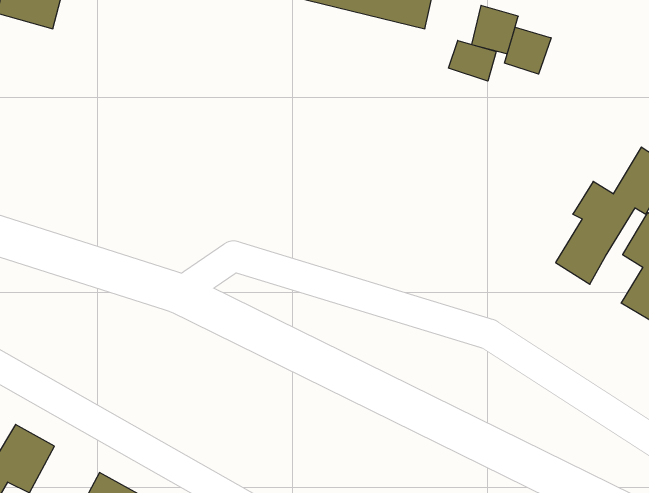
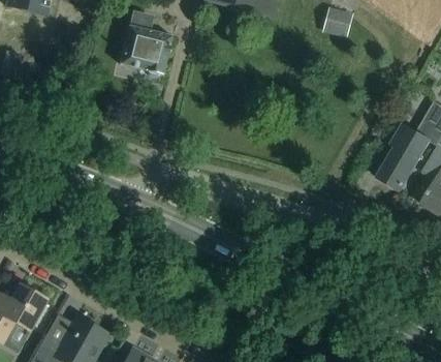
building: none -> [119,10,172,74]
building: [505,27,551,74] -> none
building: [449,40,496,81] -> none

